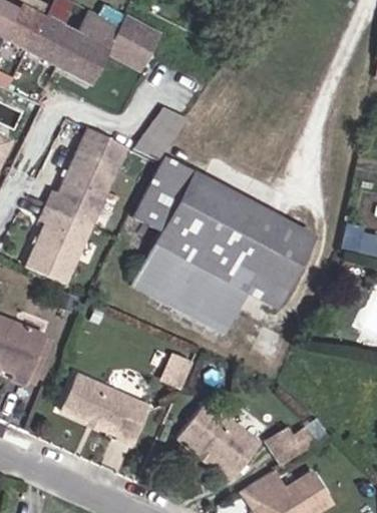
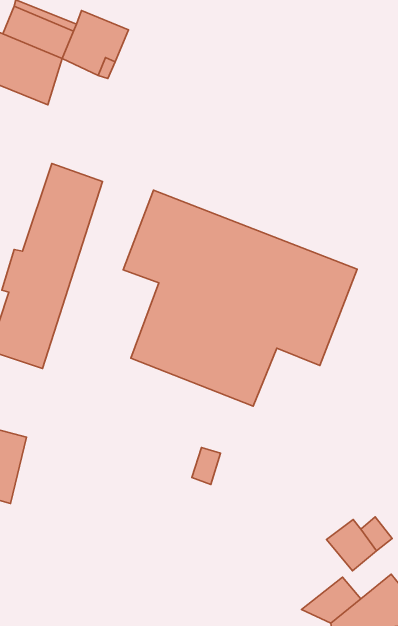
building: [134,108,187,163] -> none
building: [63,375,146,444] -> none
building: [178,401,260,478] -> none

